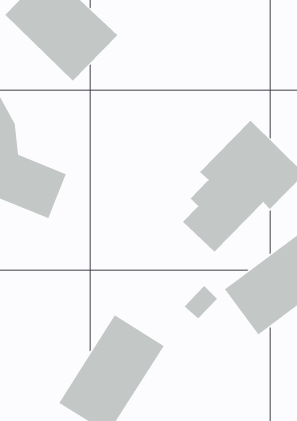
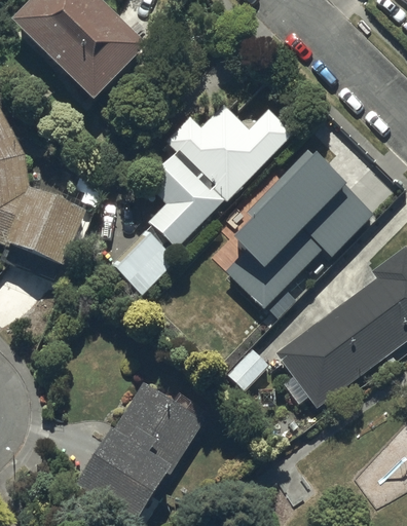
building: none -> [112,95,299,293]

